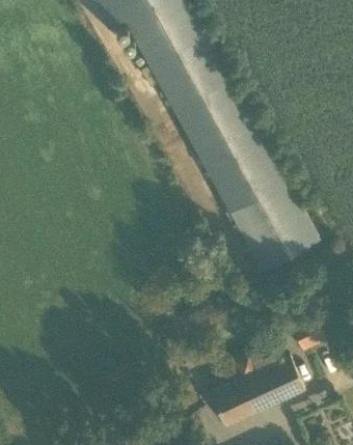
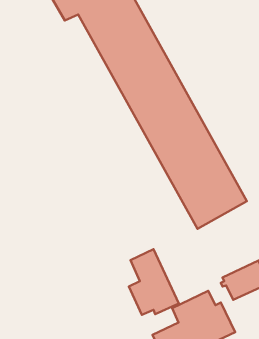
building: none -> [129,249,179,315]

